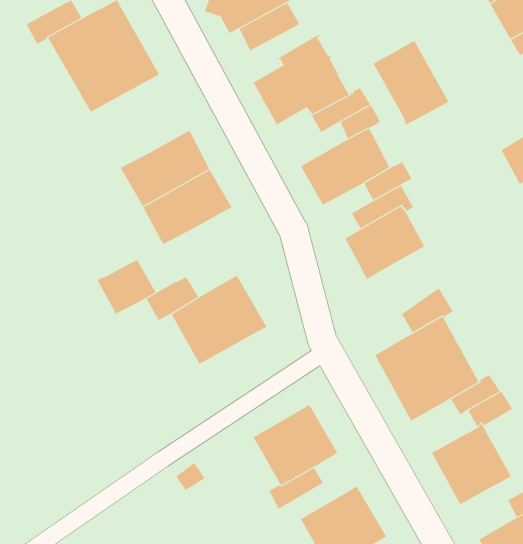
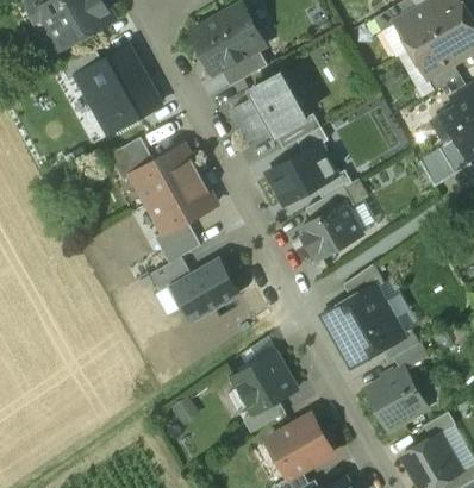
building: [373,40,449,126] -> none
building: none -> [108,137,154,180]
building: [96,259,156,314] -> [155,220,200,262]

